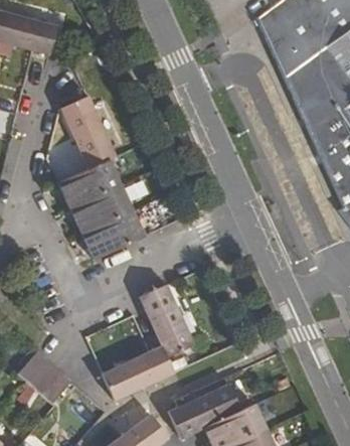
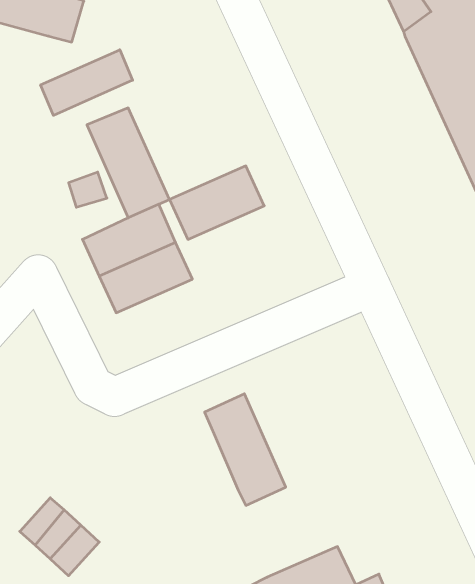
building: none -> [41,50,133,115]
building: [81,209,144,258] -> [170,166,264,239]
building: [103,348,174,400] -> none

